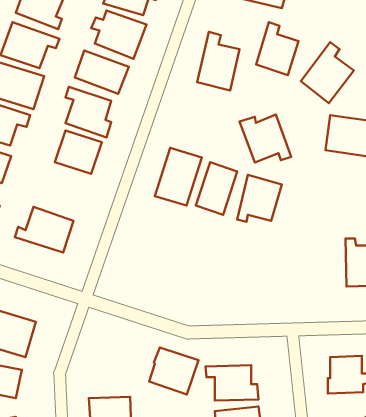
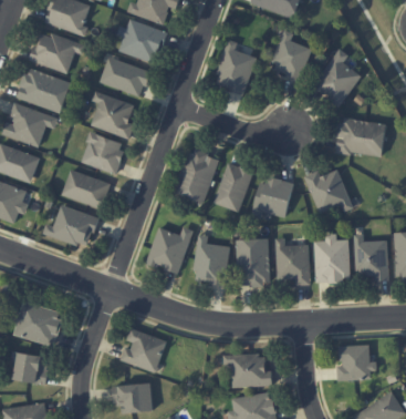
building: [240,114,291,163] -> [304,168,353,214]
building: none -> [62,168,111,208]
building: none -> [147,227,192,273]
building: none -> [314,234,351,283]
building: none -> [275,237,310,285]
building: none -> [237,238,270,286]
building: none -> [194,242,229,285]
building: [149,347,199,394] -> [121,328,167,372]

